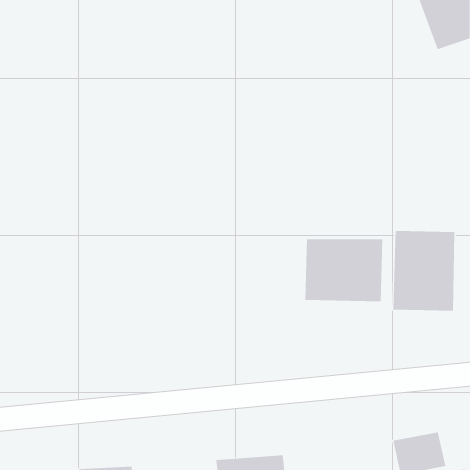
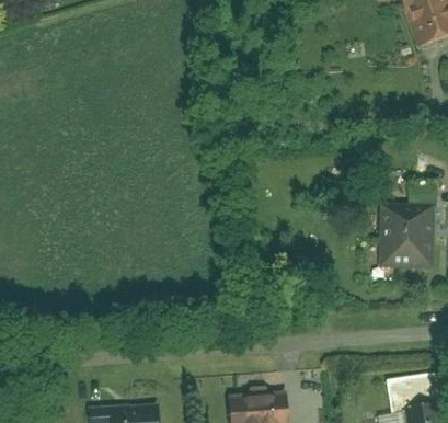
building: [305,238,383,302] -> none

